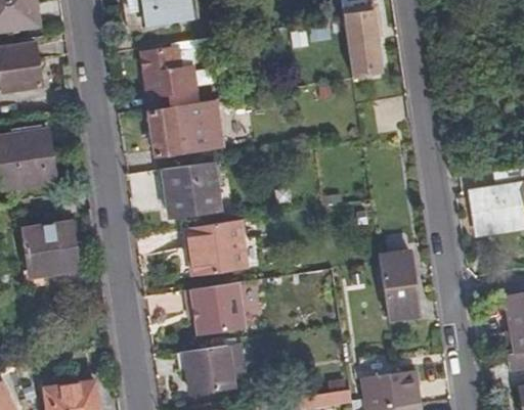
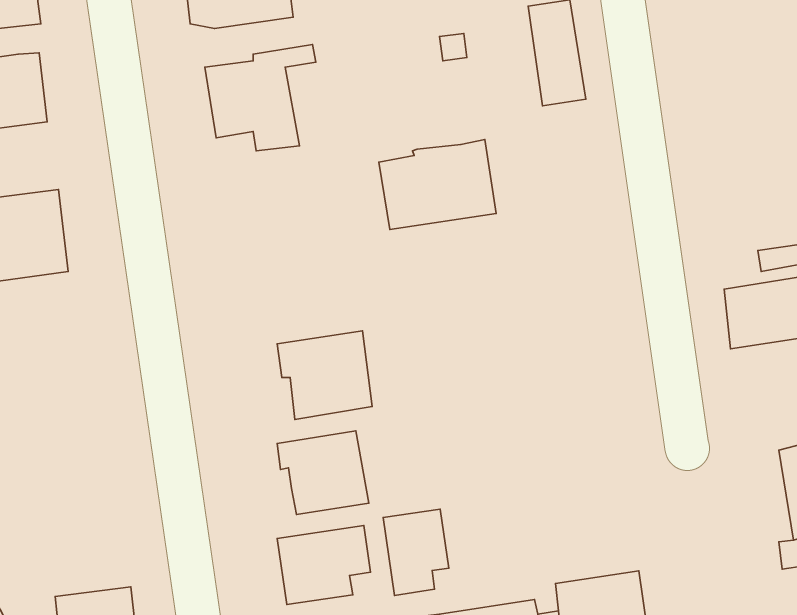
building: [149,99,224,156] -> [379,140,496,230]
building: [159,164,209,218] -> none
building: [24,222,79,276] -> none
building: [383,249,421,317] -> none
building: none -> [383,509,449,595]

